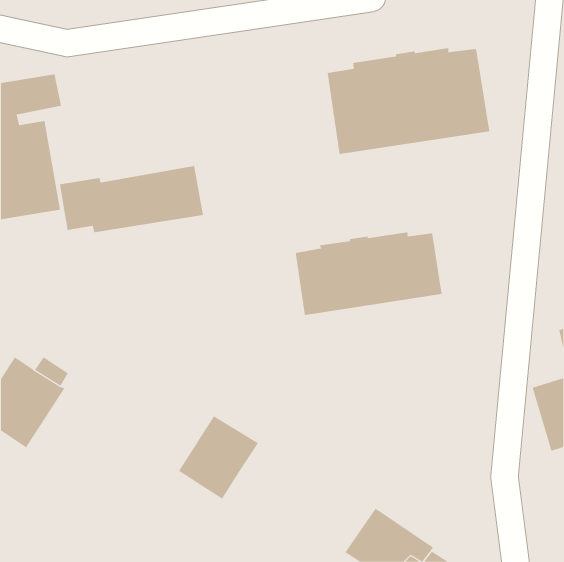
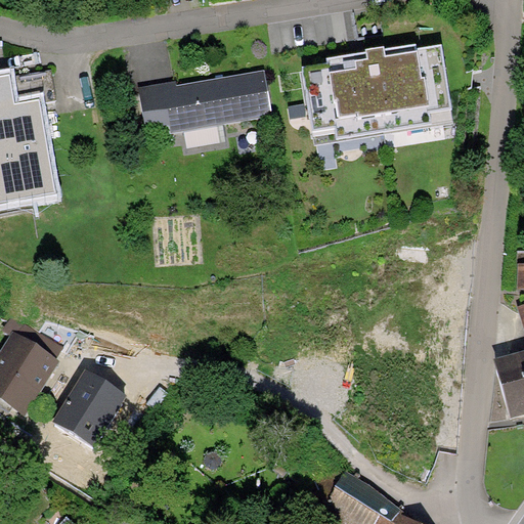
building: [59,166,204,233] -> [138,69,272,131]
building: [295,232,442,316] -> none
building: [178,415,259,499] -> [51,369,126,447]

